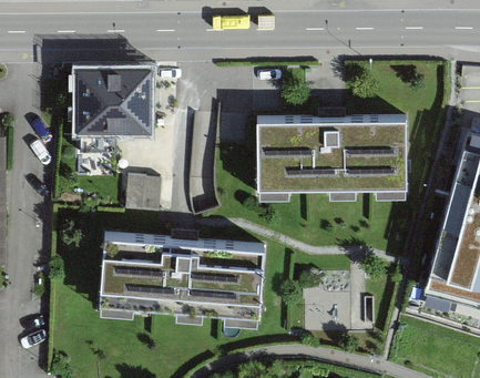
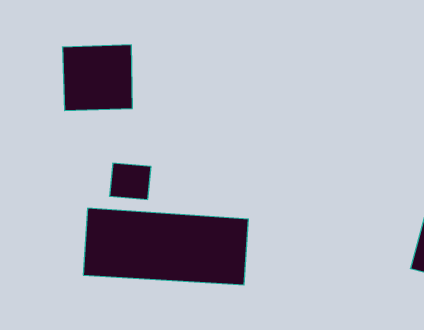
building: [252,113,402,184] -> none

